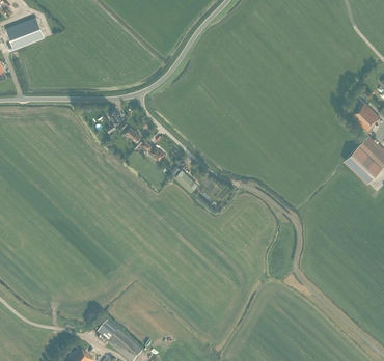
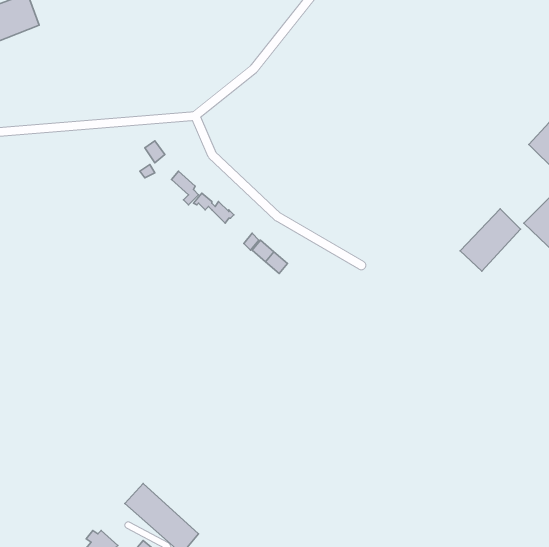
building: none -> [460,209,520,271]

